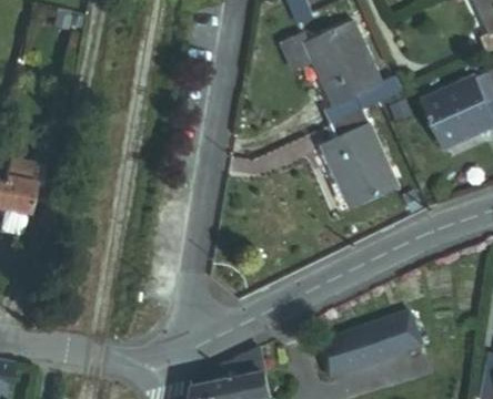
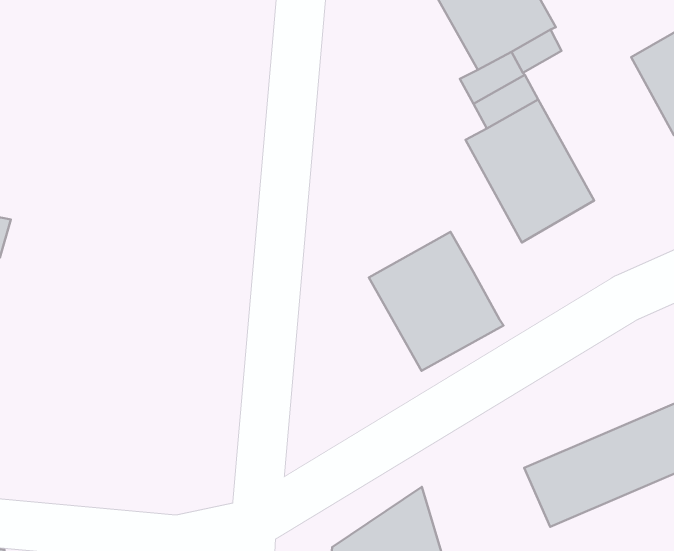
building: none -> [369,232,503,371]

